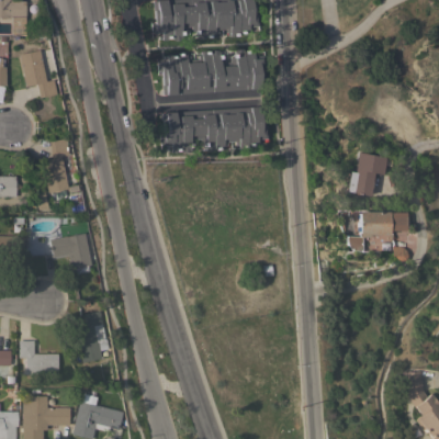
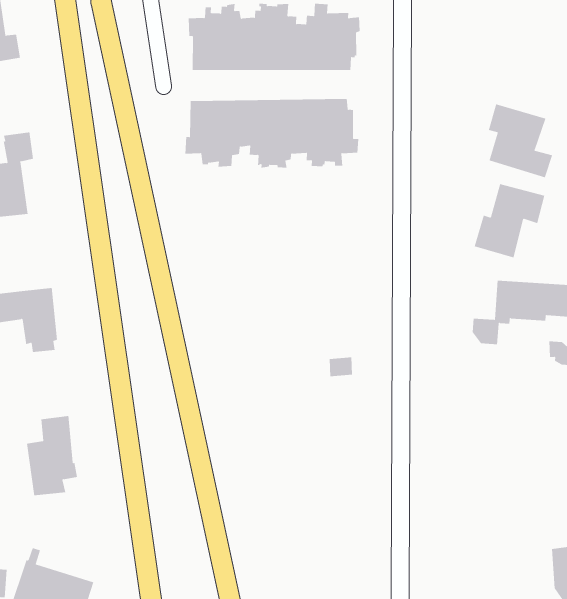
building: none -> [488,104,553,178]

